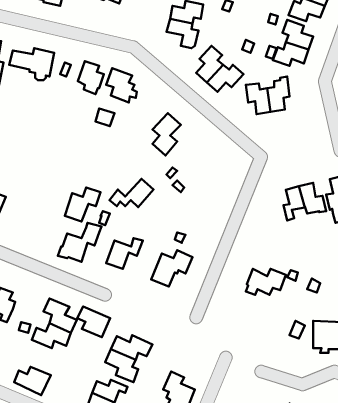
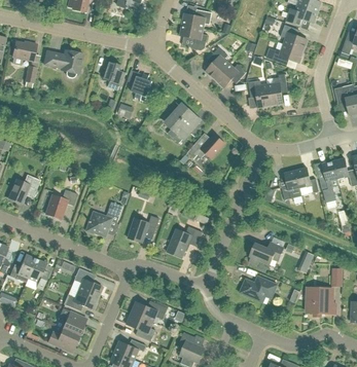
building: [110,179,153,207] -> [187,134,225,158]
building: [65,187,100,222] -> [45,188,76,218]
building: [77,306,110,337] -> [58,307,86,334]
building: none -> [240,274,278,300]

